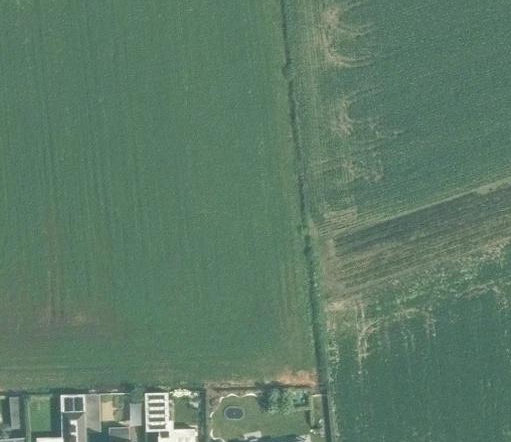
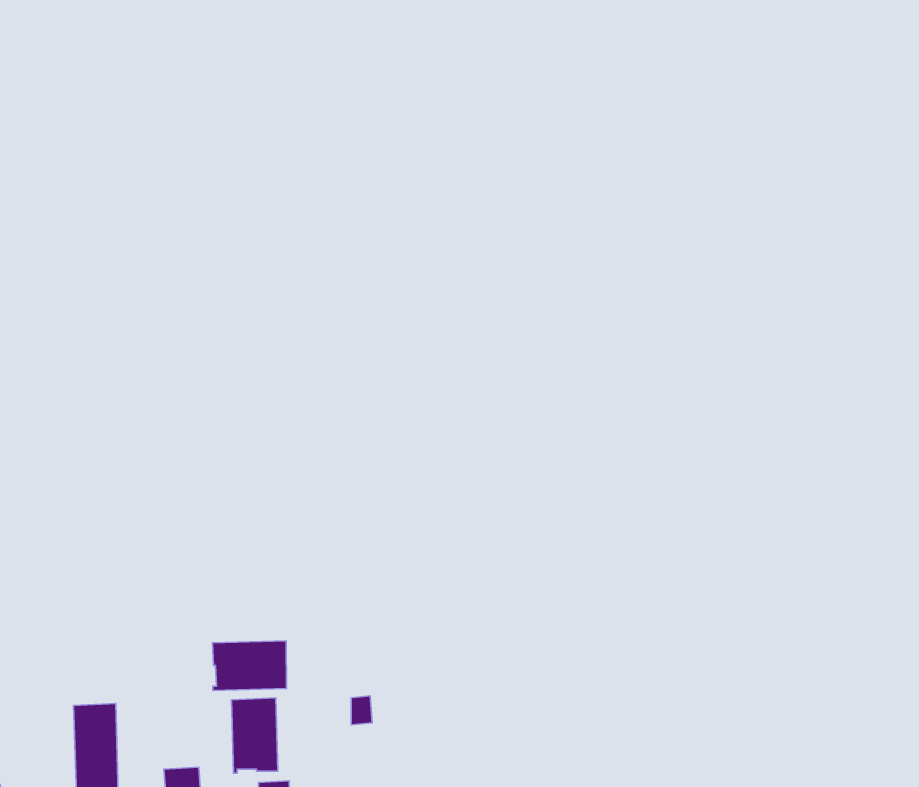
building: none -> [212,641,287,690]

